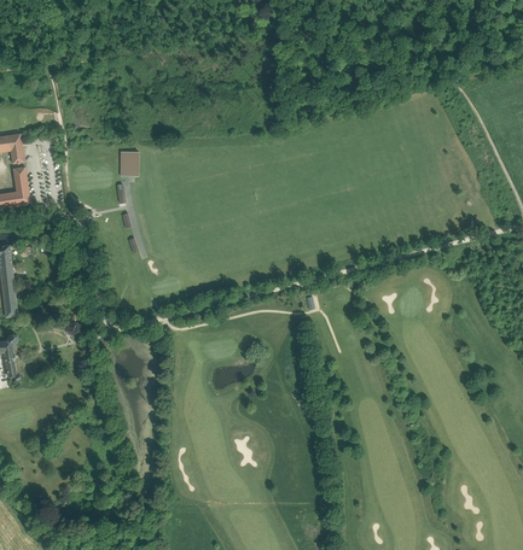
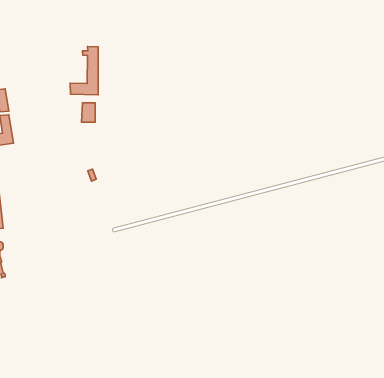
building: none -> [70,47,98,95]

